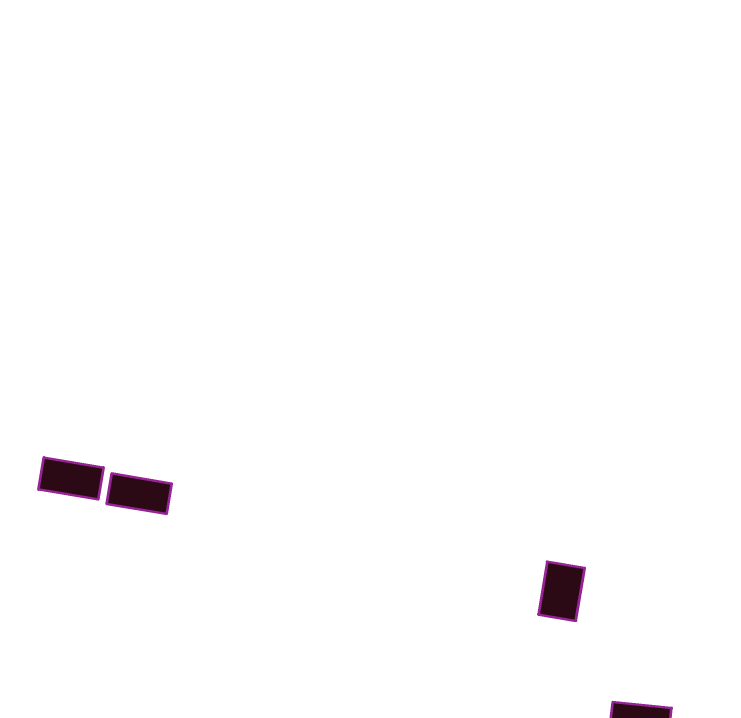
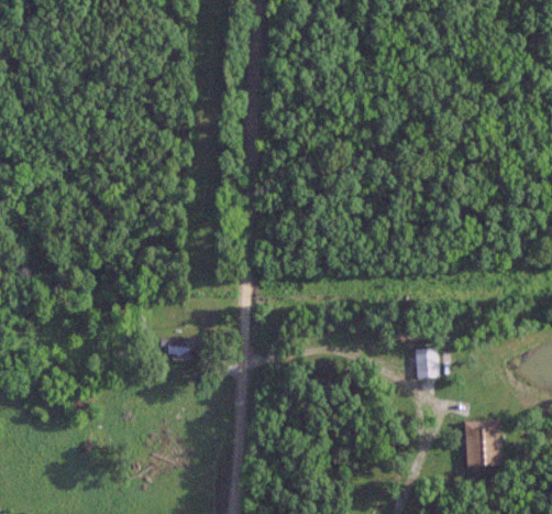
building: [39,457,103,499] -> none

